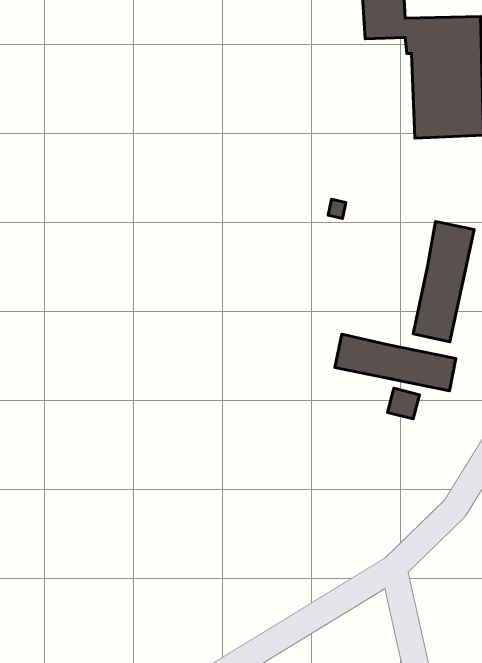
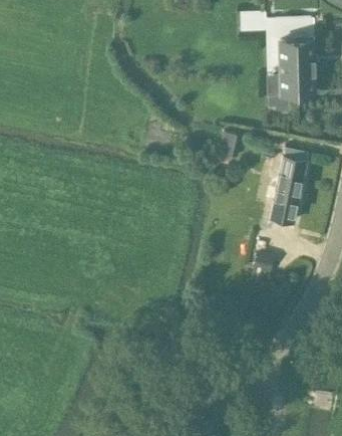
building: [335,334,456,391] -> none

